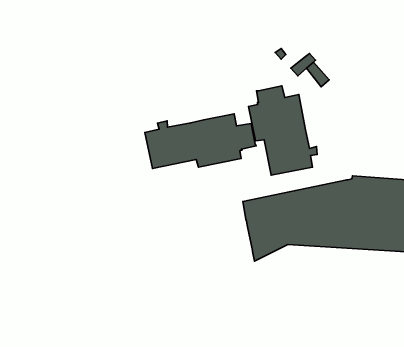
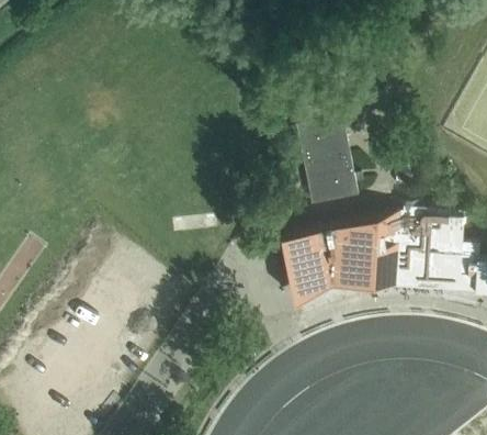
building: [145,114,256,168] -> none

